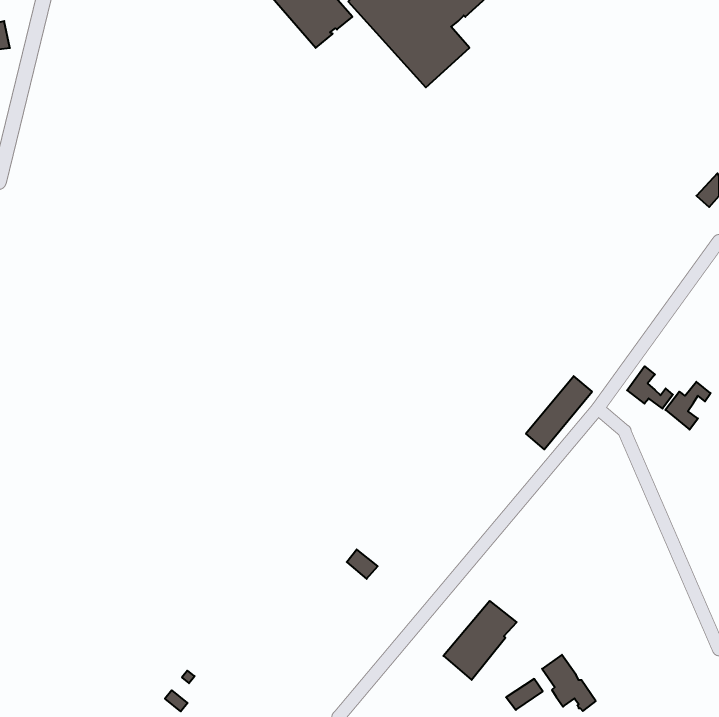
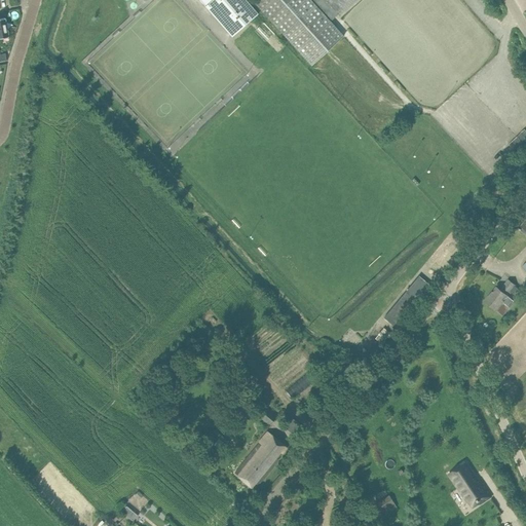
building: [627,366,673,409] -> none
building: [443,601,517,680] -> [232,430,286,488]
building: [542,655,596,711] -> [450,460,489,501]

